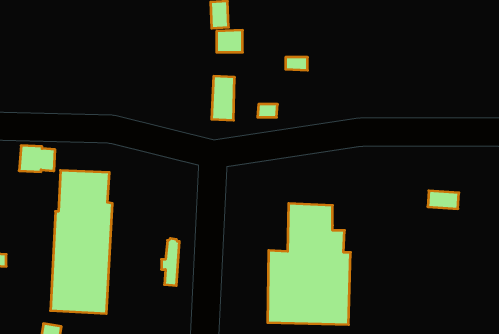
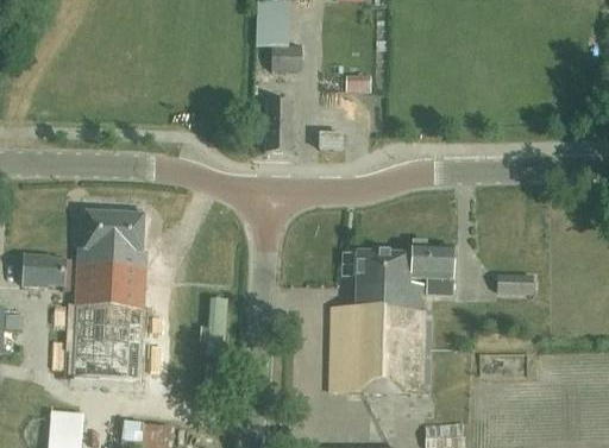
building: [19,146,55,172] -> [20,254,63,285]
building: [428,191,459,209] -> [495,273,532,295]
building: none -> [407,240,451,295]

